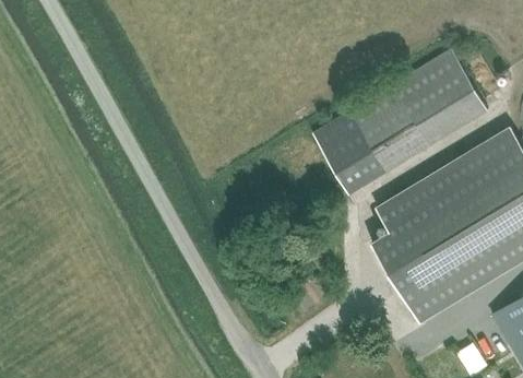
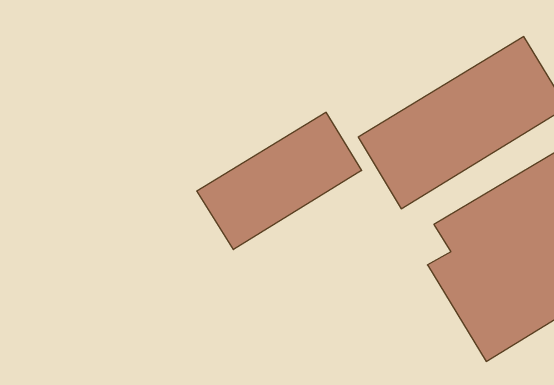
building: none -> [197,112,362,250]

